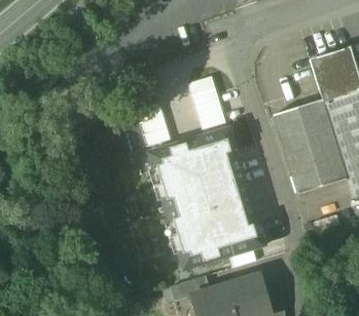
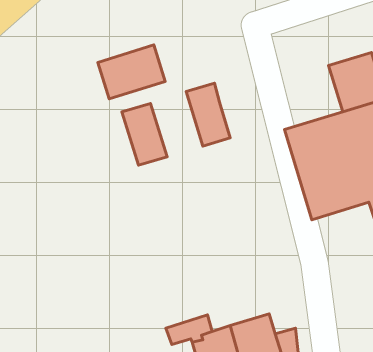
building: none -> [98,45,165,99]
building: [155,137,256,262] -> none

